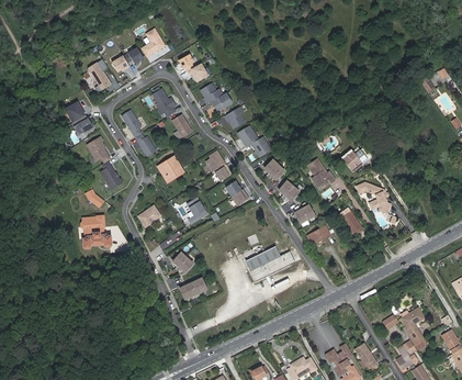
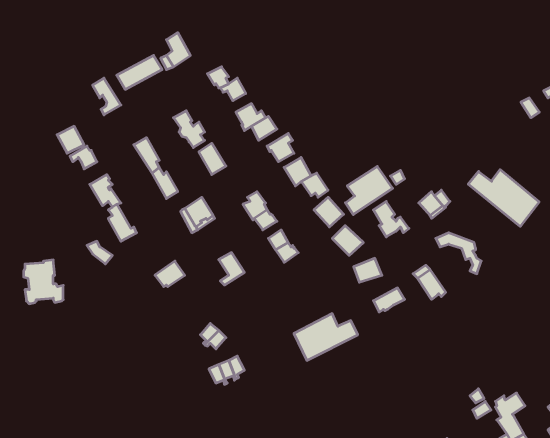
building: none -> [345,166,393,215]
building: none -> [468,170,539,226]
building: [81,215,112,249] -> [24,260,63,304]

